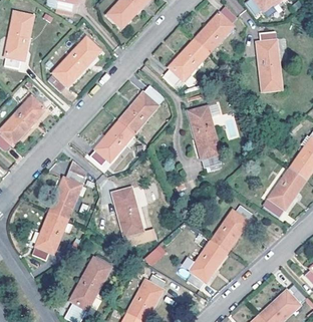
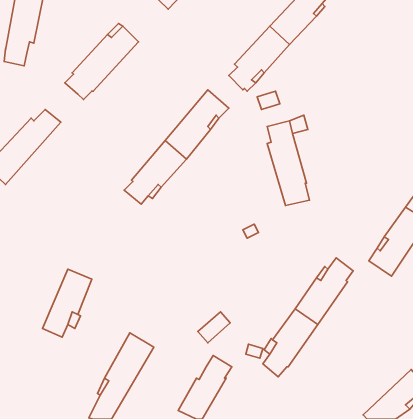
building: [258,30,282,90] -> none
building: [50,159,87,219] -> none
building: [115,188,146,246] -> none

